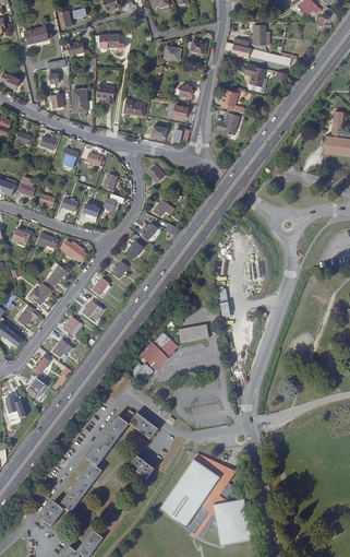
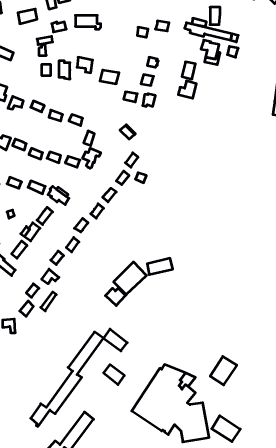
building: none -> [210,356,237,385]
building: none -> [212,416,240,442]

